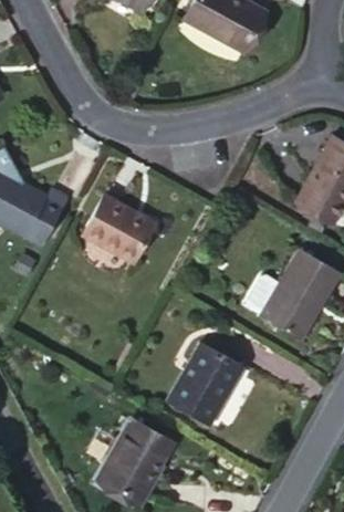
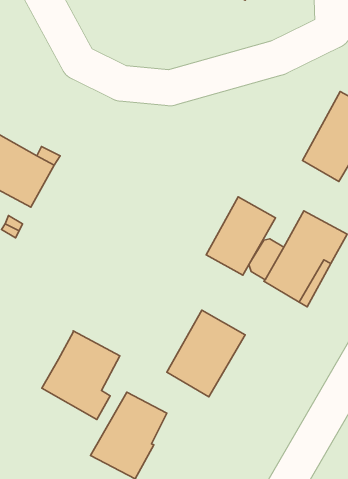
building: [84,198,155,263] -> none
building: none -> [206,197,275,275]
building: none -> [42,331,120,419]

